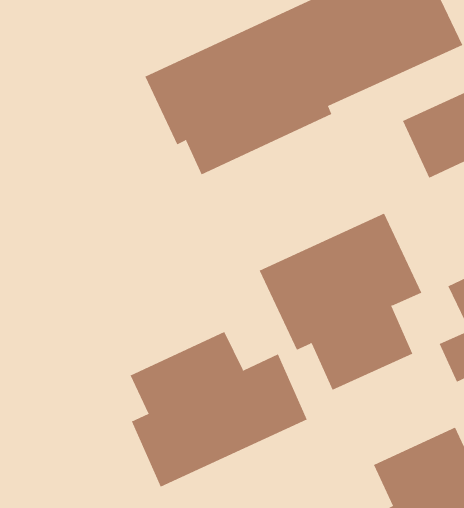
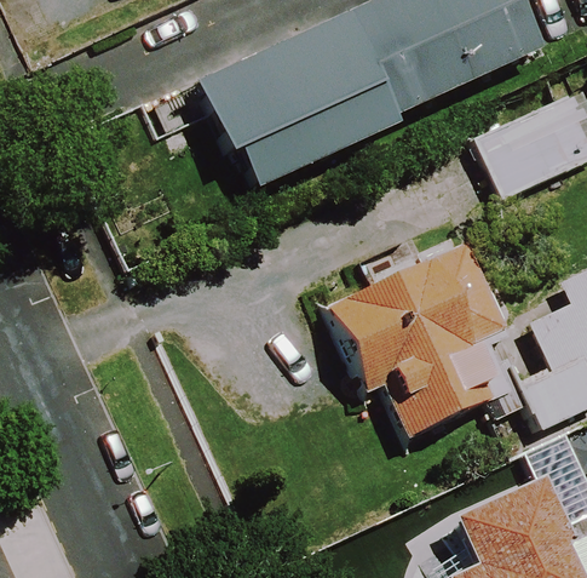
building: [130,331,308,488] -> none

